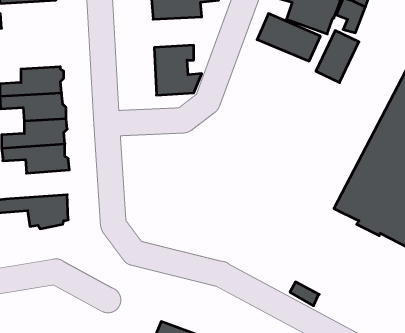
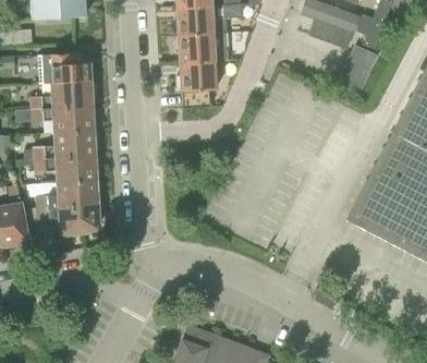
building: none -> [180,33,229,62]
building: none -> [38,52,90,83]
building: none -> [37,180,100,208]

